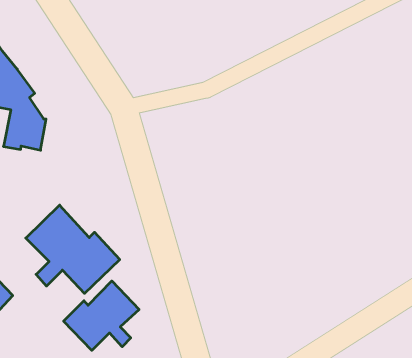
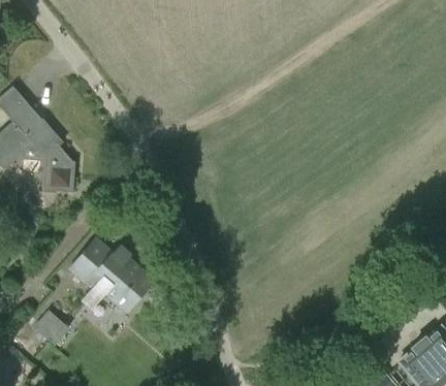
building: [64,281,139,350] -> none

